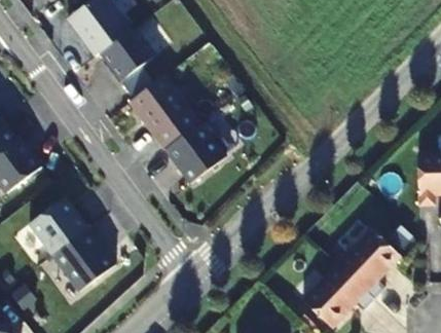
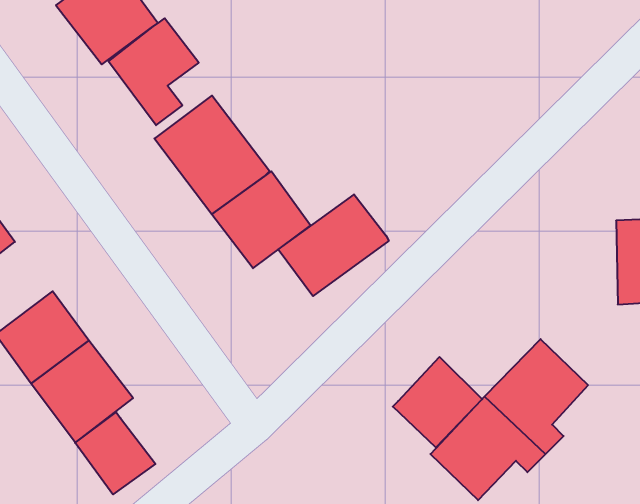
building: none -> [278,194,389,296]
building: none -> [393,357,482,447]
building: none -> [75,412,155,494]

